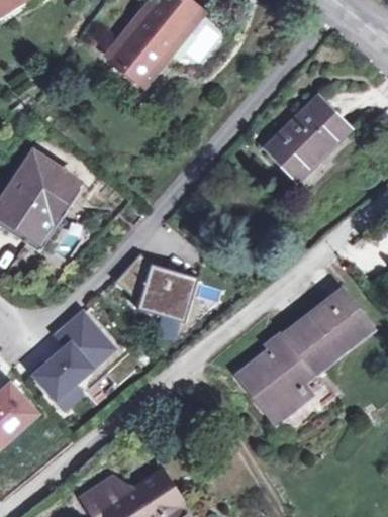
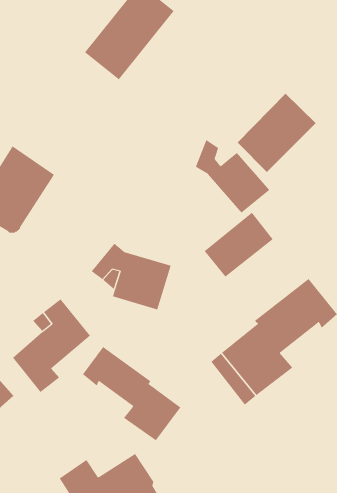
building: none -> [195,139,270,213]
building: none -> [204,212,273,278]
building: none -> [82,346,181,441]

